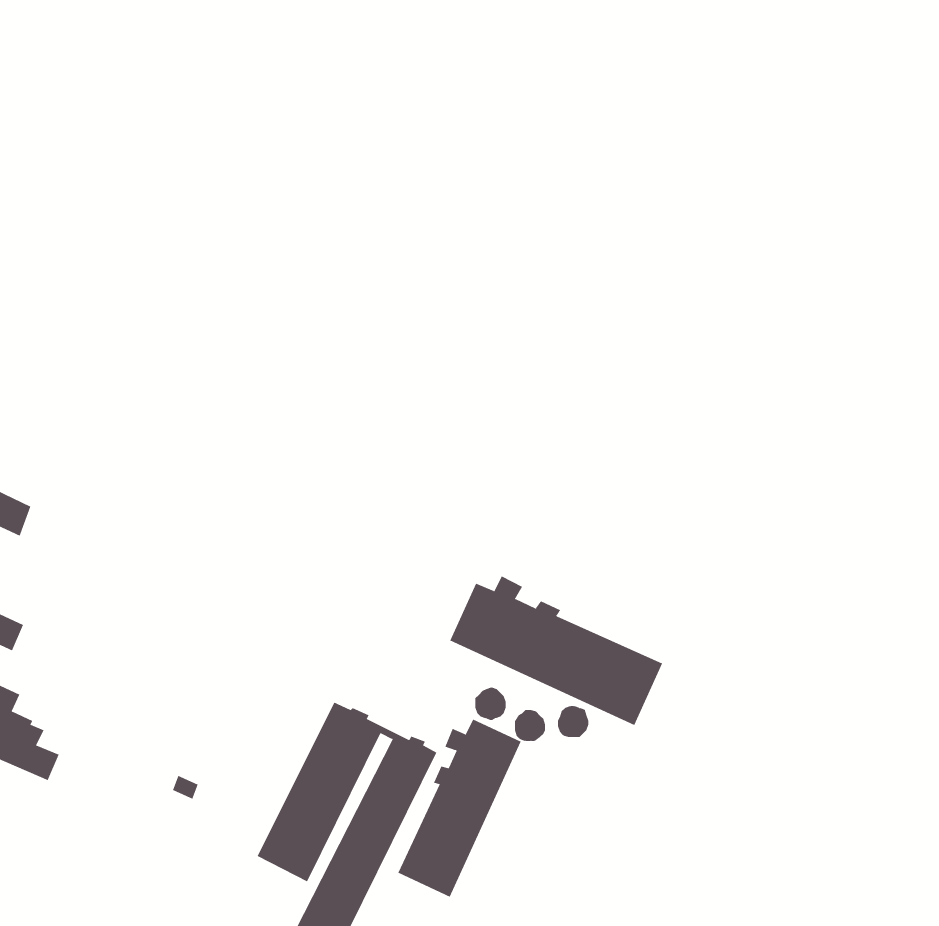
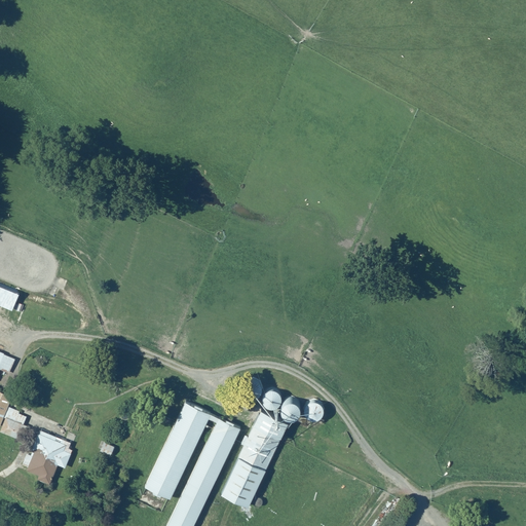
building: [449,575,663,726] -> none
building: none -> [26,433,71,485]

